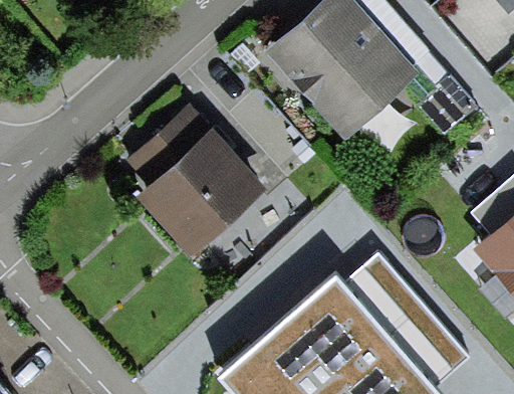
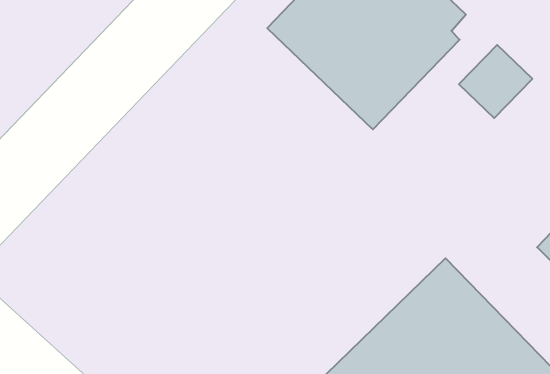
building: [136,108,265,249] -> none

